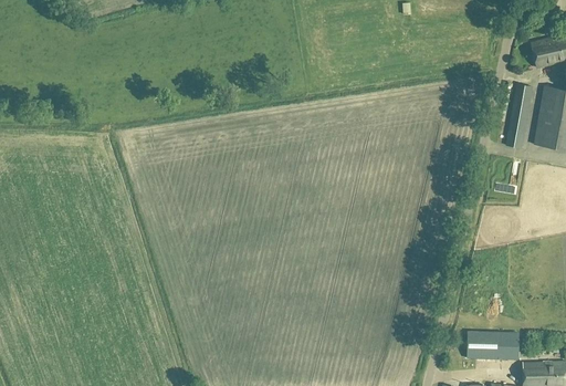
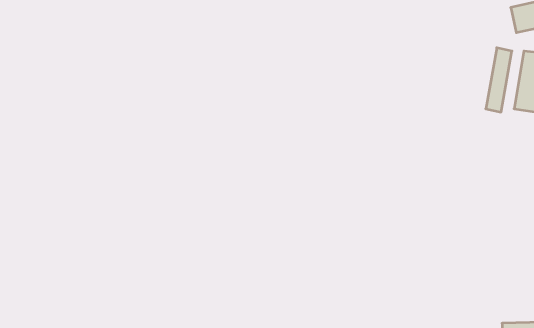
building: [468,331,520,358] -> none

